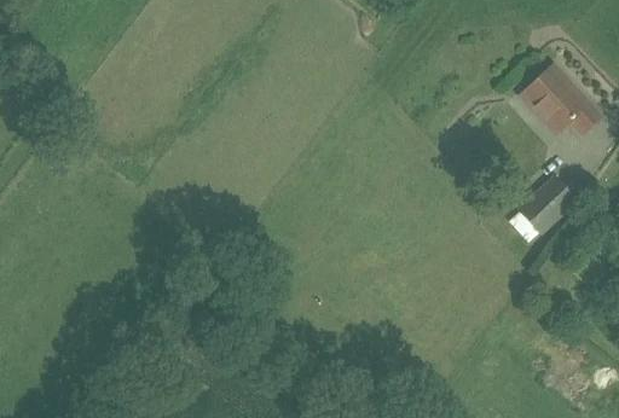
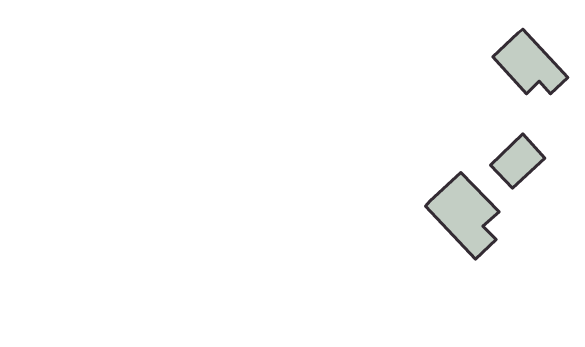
building: none -> [425,173,499,259]

